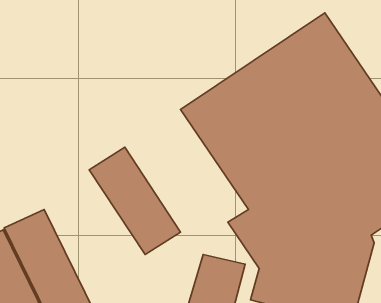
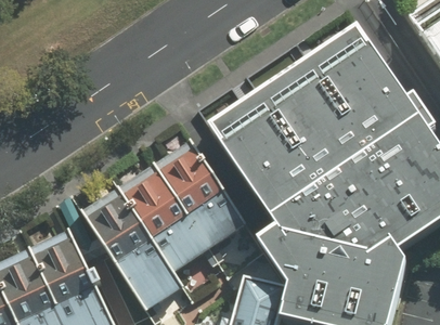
building: none -> [157,141,250,249]
building: none -> [85,186,187,308]

